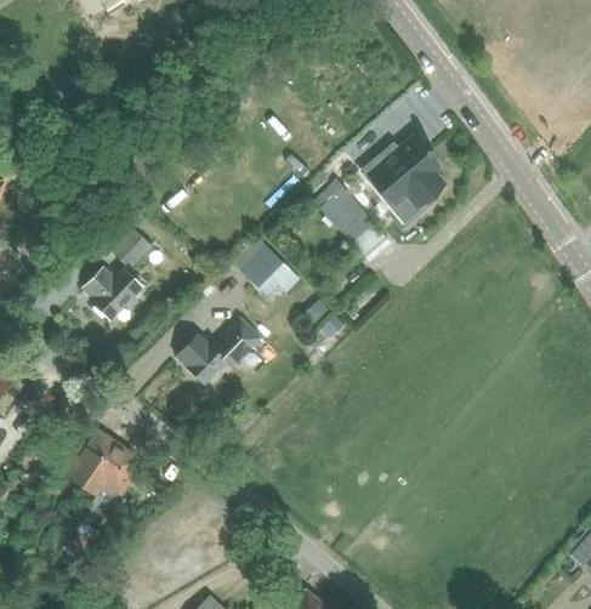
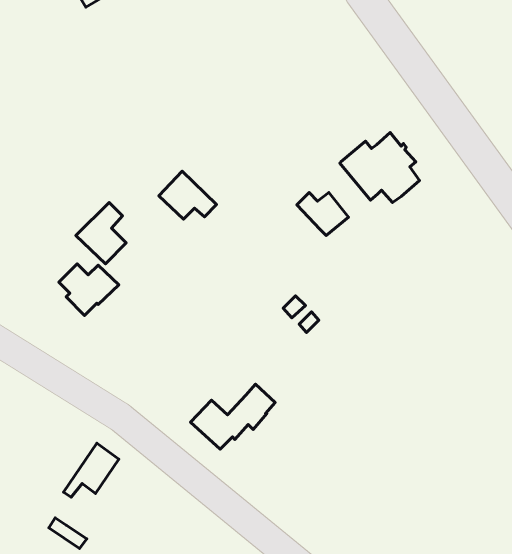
building: [241,246,299,294] -> [159,171,217,219]
building: [176,319,260,383] -> [191,384,275,449]
building: [67,429,123,494] -> none

